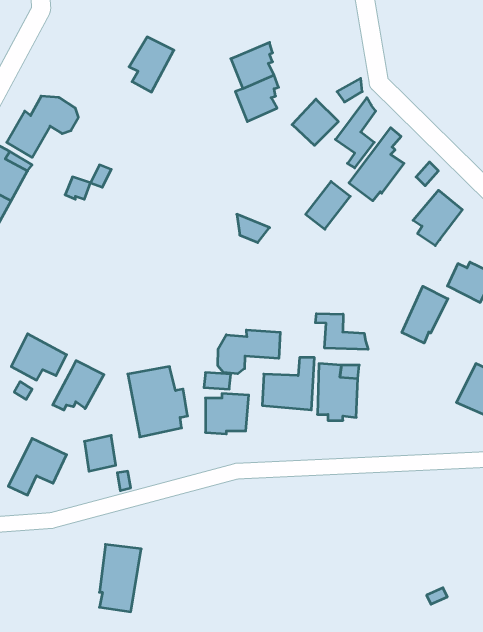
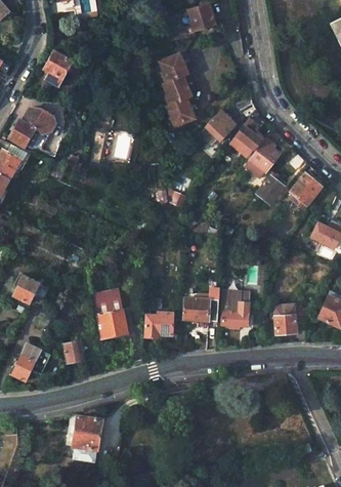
building: none -> [159,49,189,80]
building: [129,37,174,92] -> [46,51,77,89]
building: [306,181,350,229] -> [254,172,285,205]
building: [402,286,448,343] -> none
building: [315,314,368,349] -> none
building: [218,330,280,374] -> none
building: [53,361,104,410] -> none
building: none -> [273,305,305,336]

